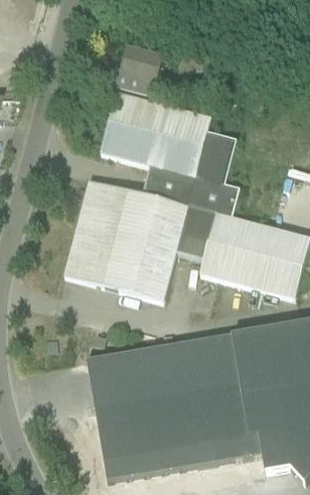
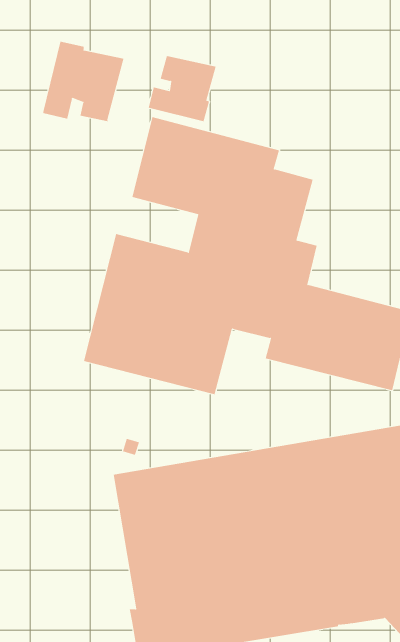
building: none -> [42,41,124,122]

